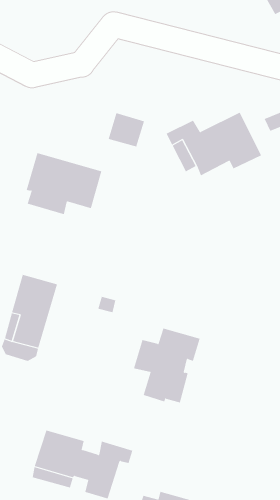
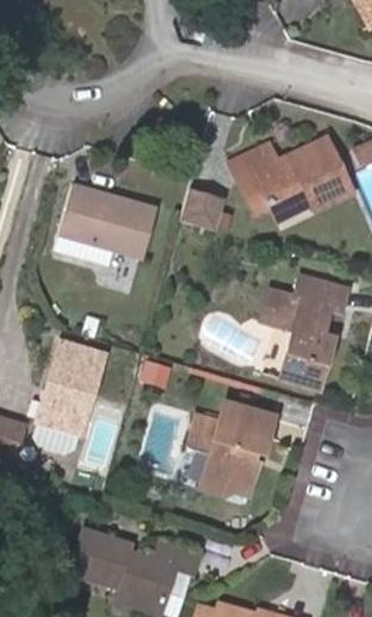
building: [108,112,145,147] -> [182,189,226,231]
building: none -> [259,274,348,387]

